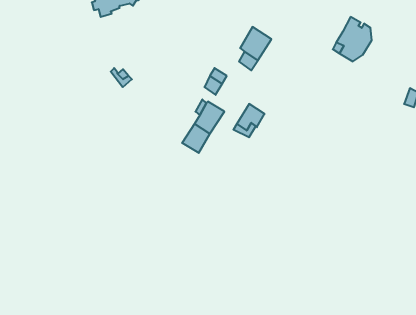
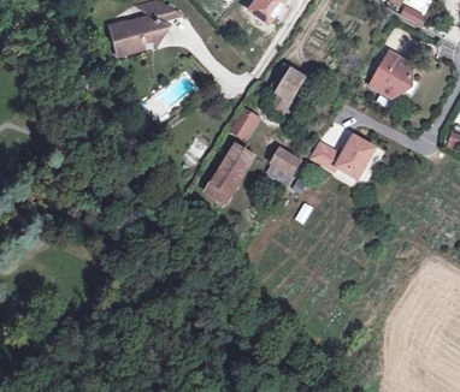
building: none -> [312,138,376,180]

